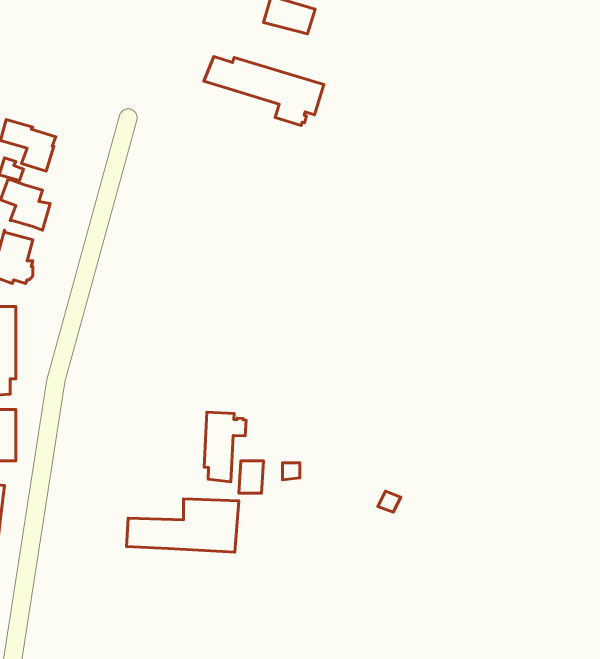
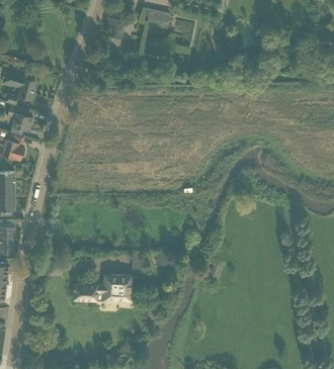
building: [204,57,324,125] -> none
building: [204,412,246,482] -> none

